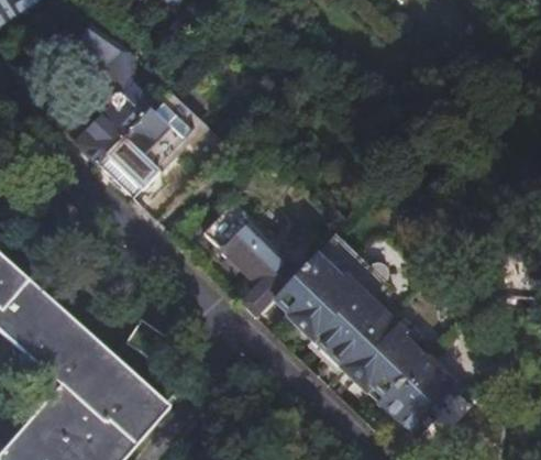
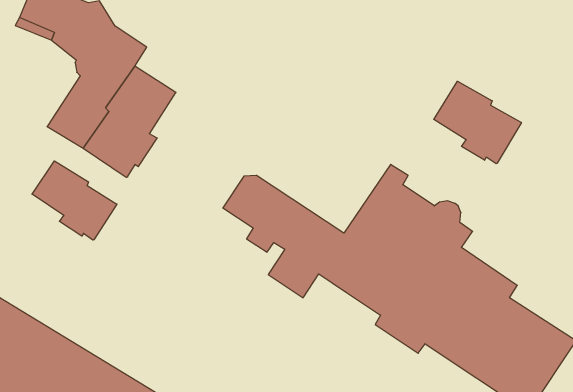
building: none -> [434,81,521,164]
building: none -> [32,161,117,240]

